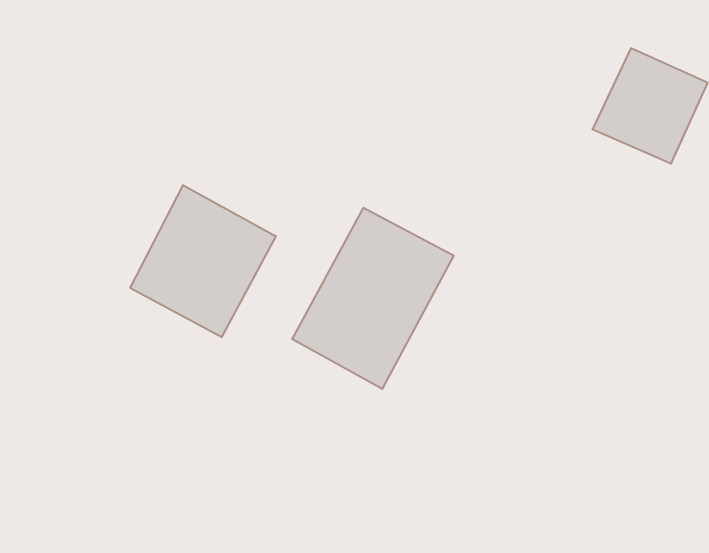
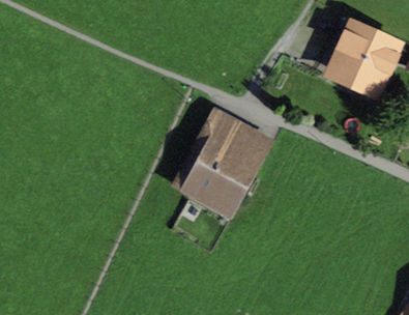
building: [130,185,276,337] -> none

